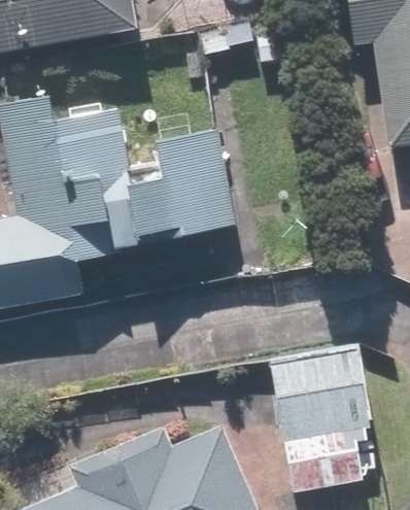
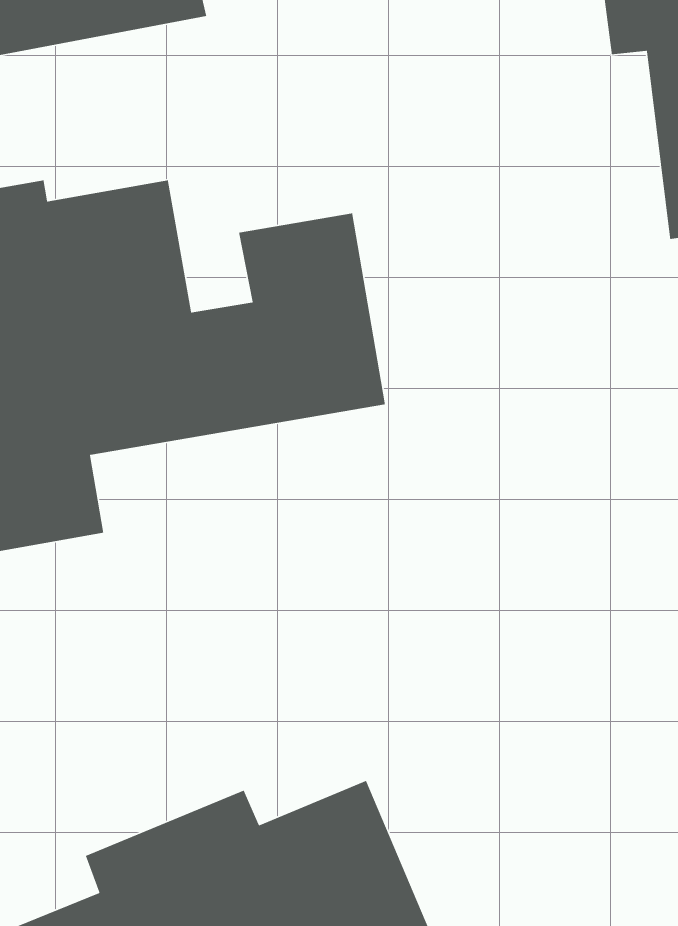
building: [271,350,374,488] -> none

